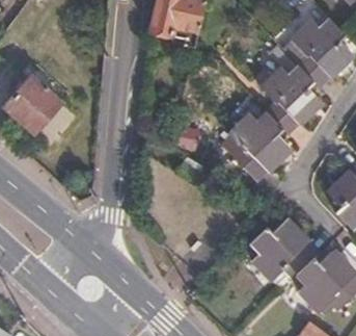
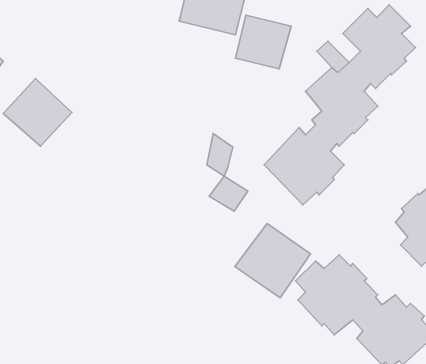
building: none -> [235,15,291,69]
building: none -> [235,223,311,298]

